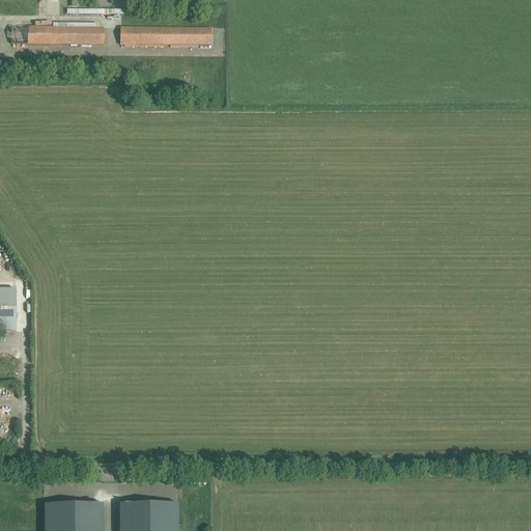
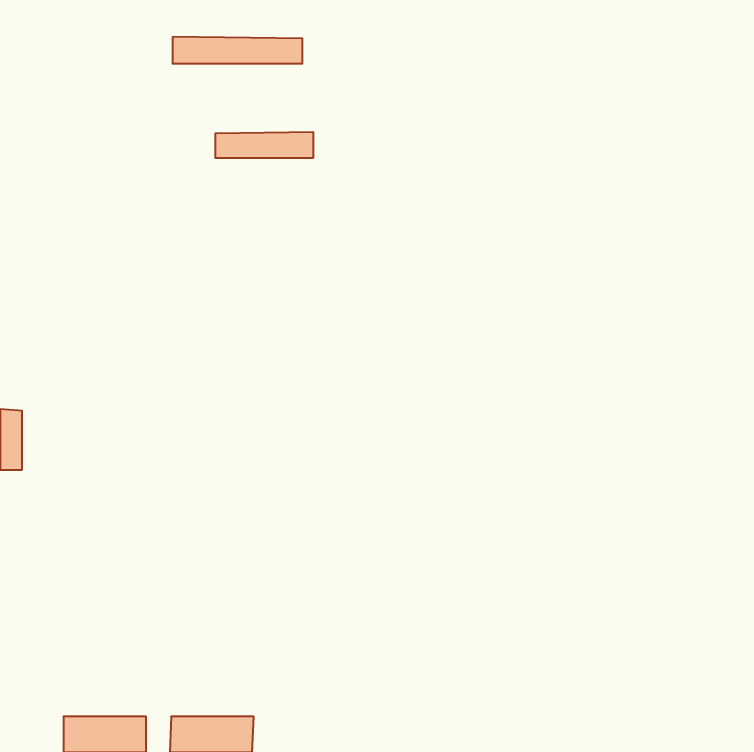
building: [11,25,105,45] -> none
building: none -> [215,132,313,158]

